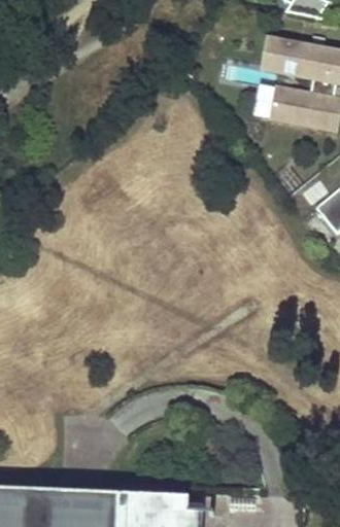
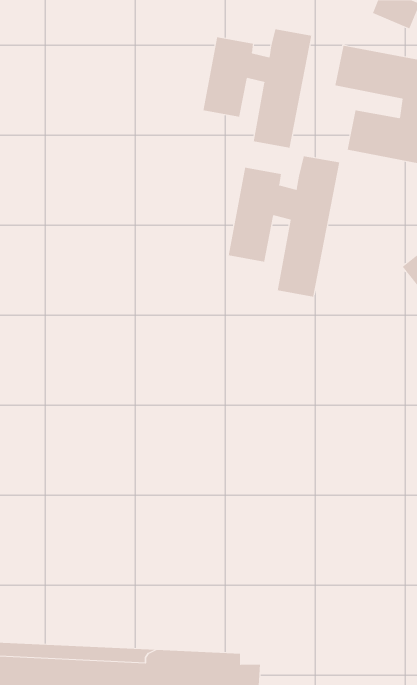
building: none -> [203,29,312,148]
building: none -> [228,155,340,297]

